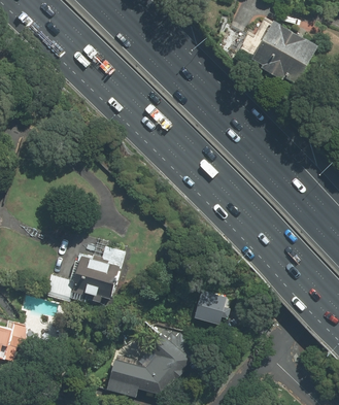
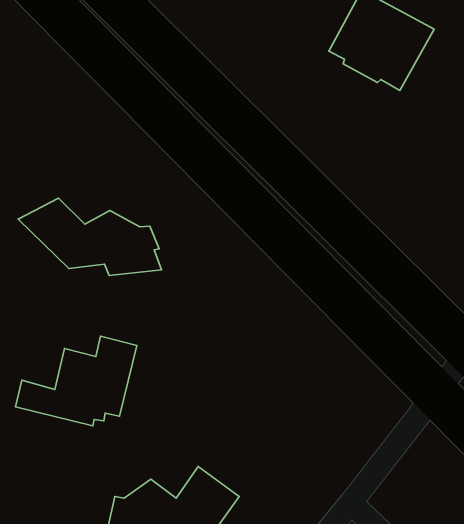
building: none -> [18,198,162,276]
building: [193,290,229,323] -> none

